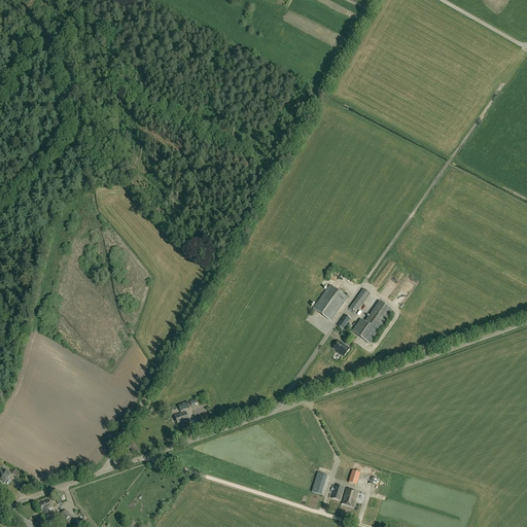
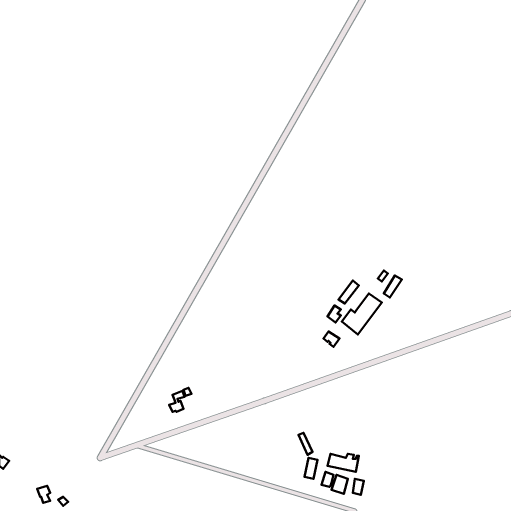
building: [312,285,347,321] -> none

